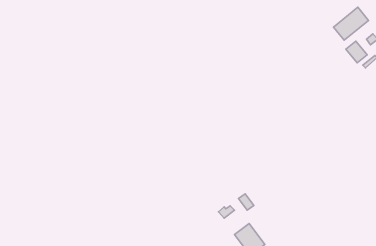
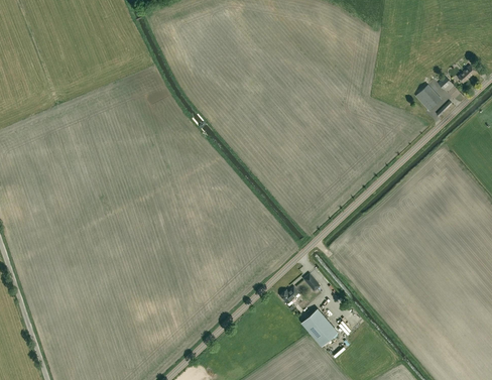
building: [334,7,369,40] -> none

